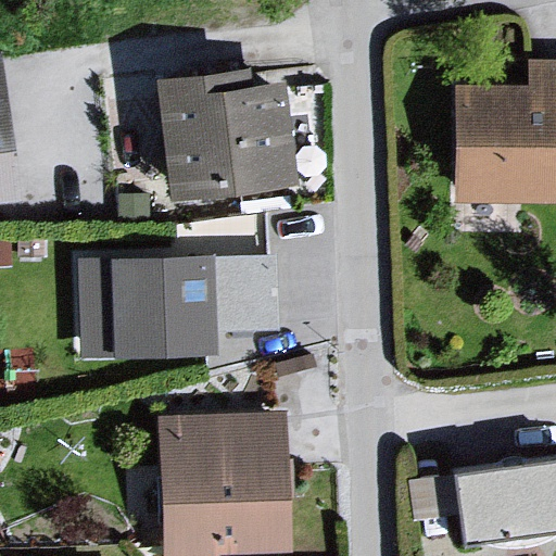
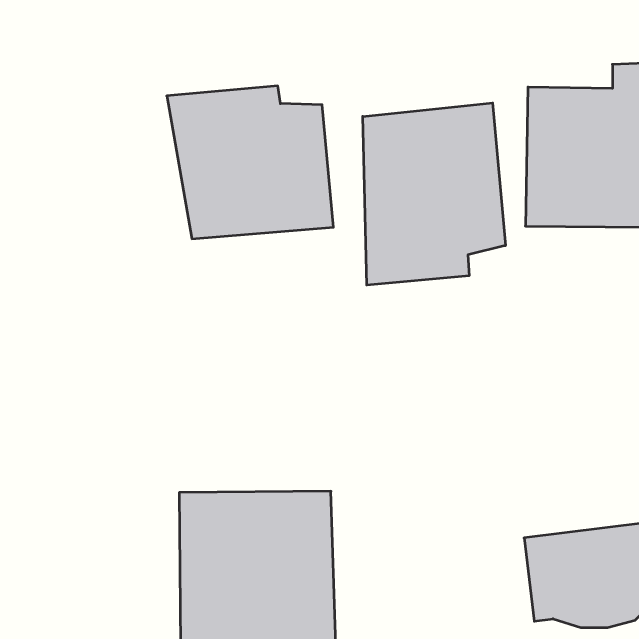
building: none -> [363,103,505,285]
building: [80,248,287,356] -> none

